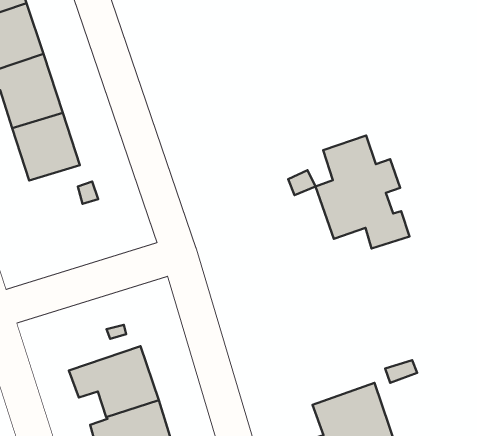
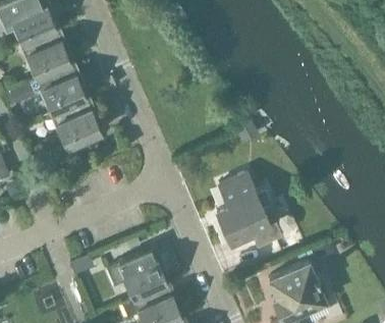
building: [315,136,410,249] -> [216,172,281,247]

